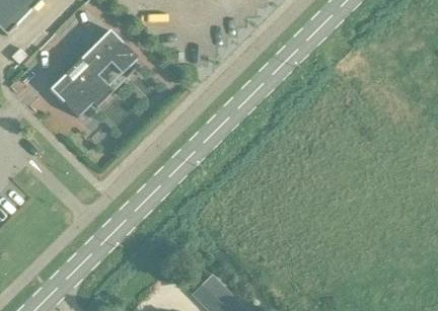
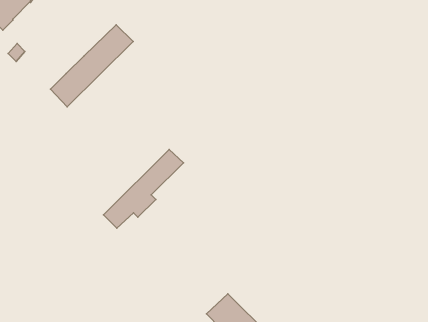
building: [65,45,138,116] -> [103,149,184,228]

